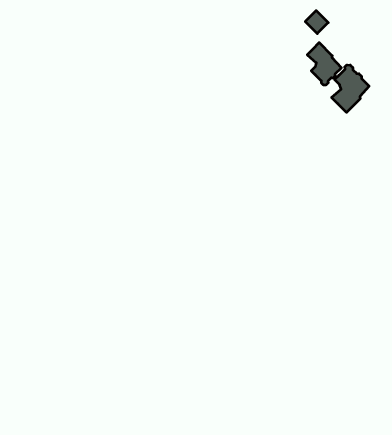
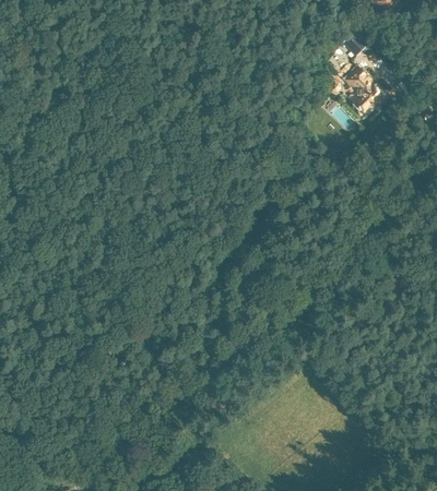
building: [332,65,369,112] -> none

